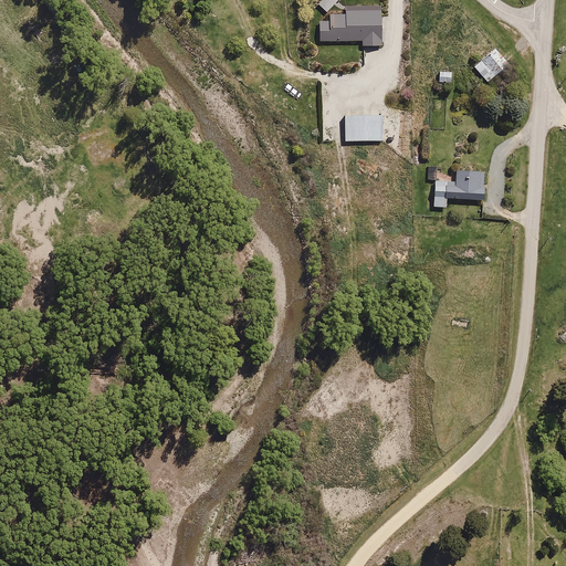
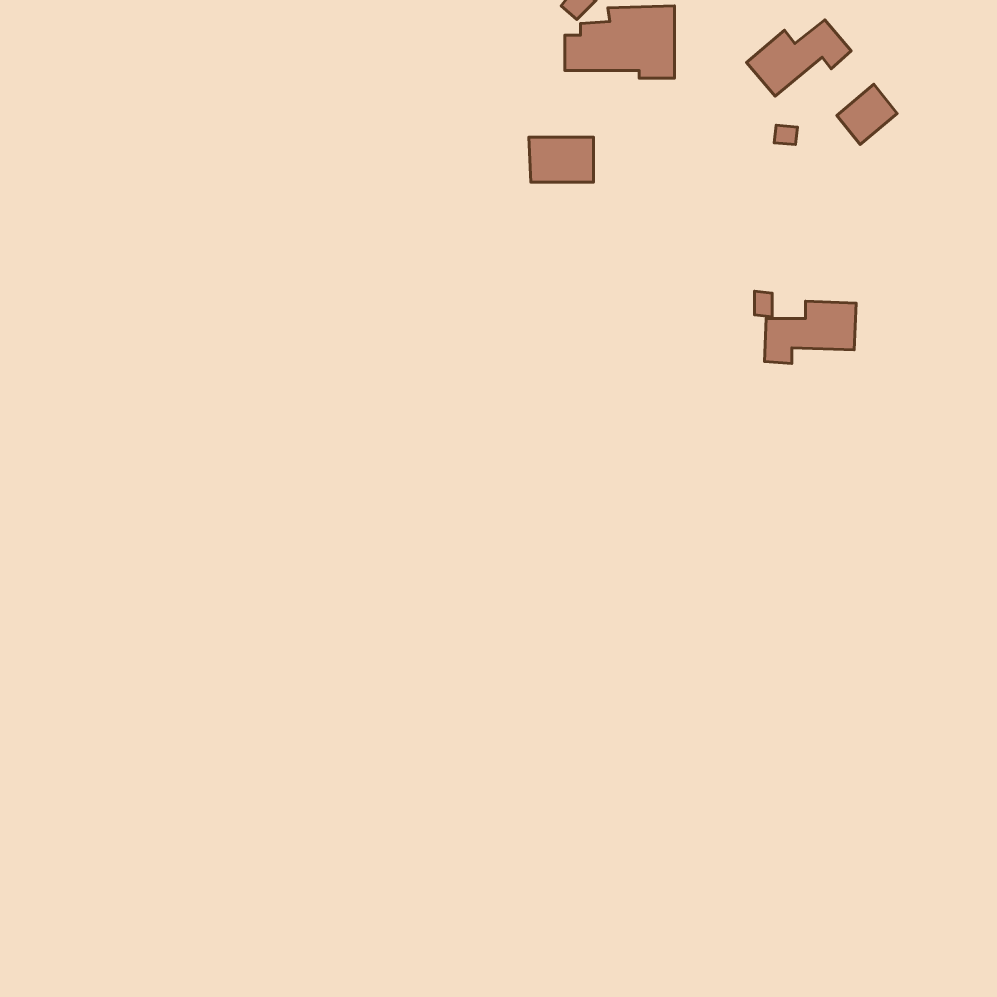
building: none -> [746,20,851,96]
building: [345,115,381,140] -> [529,137,593,182]

